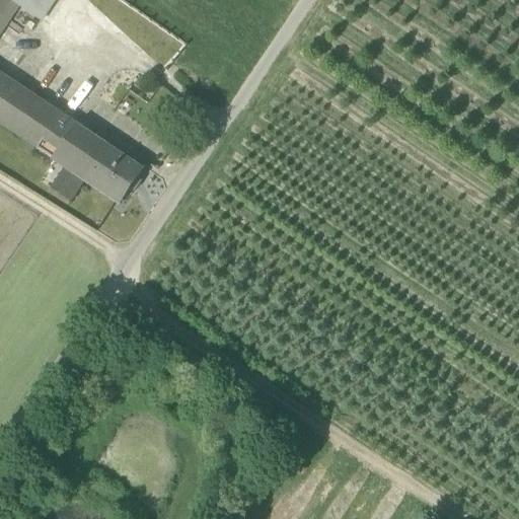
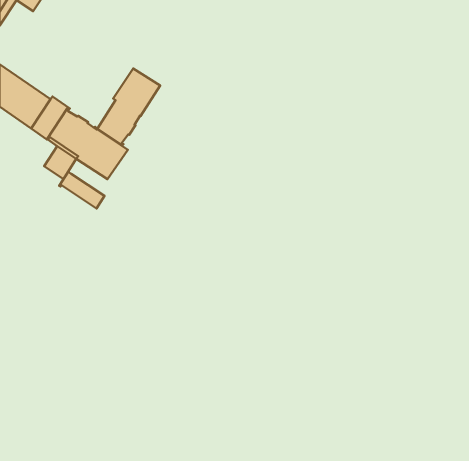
building: none -> [94,68,160,146]
building: none -> [59,172,104,209]

